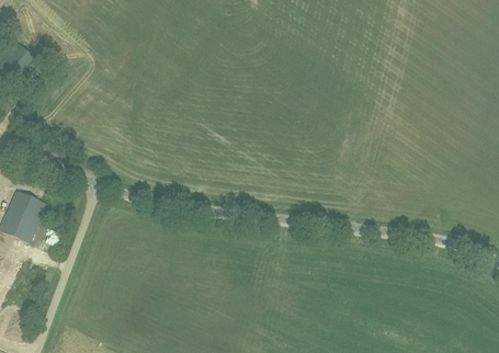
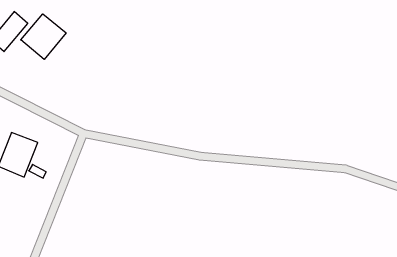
building: none -> [21,14,66,59]

